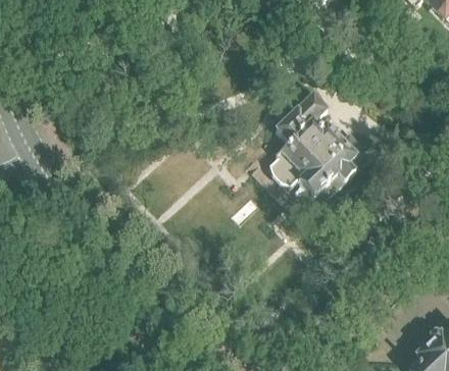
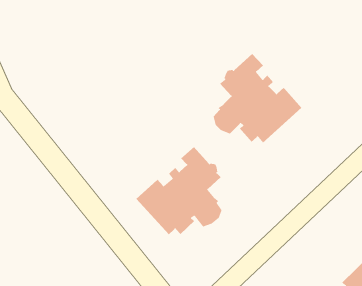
building: none -> [136,146,223,235]

